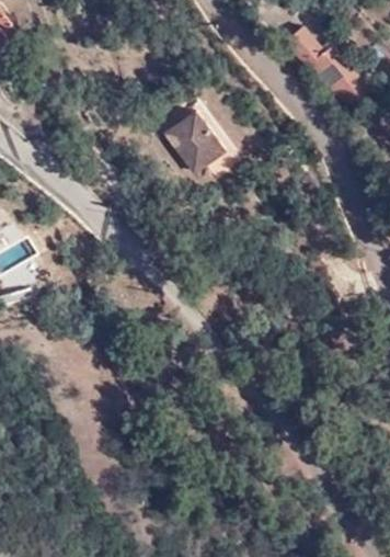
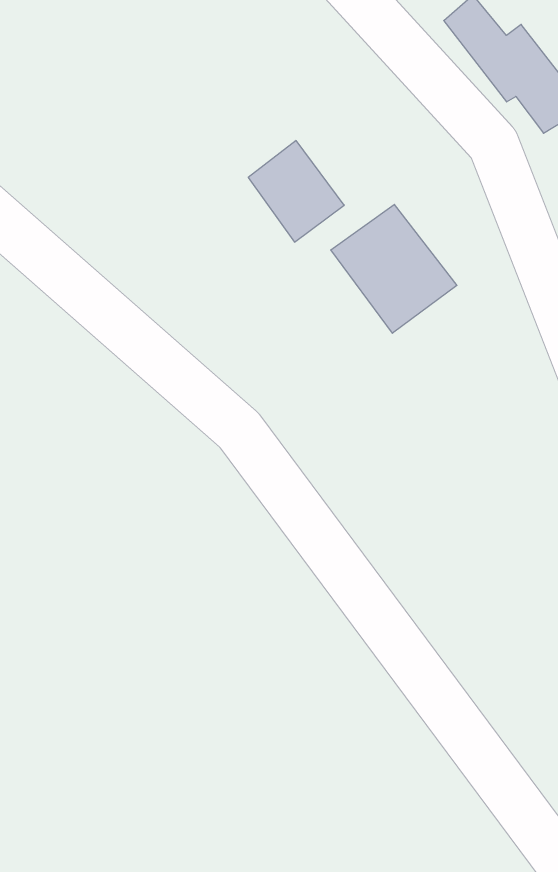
building: none -> [331,204,457,333]

